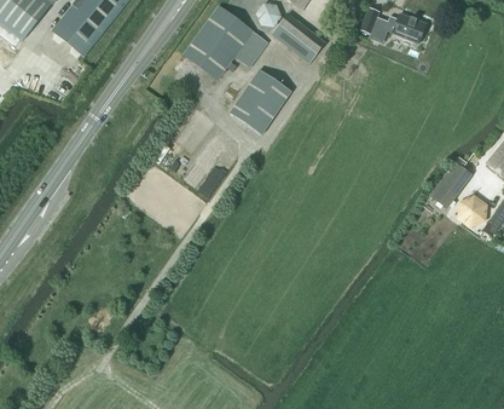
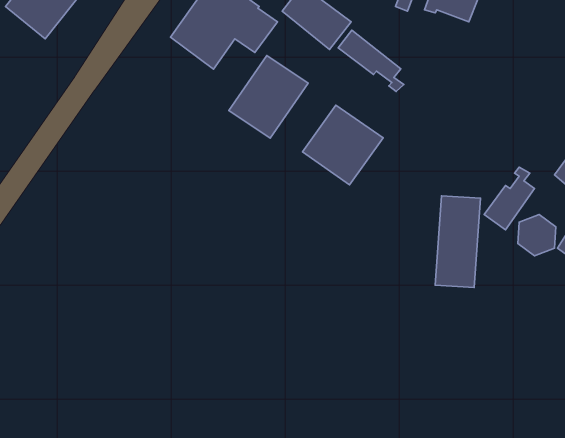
building: none -> [338,30,404,92]
building: none -> [302,105,383,185]
building: none -> [435,196,481,288]

